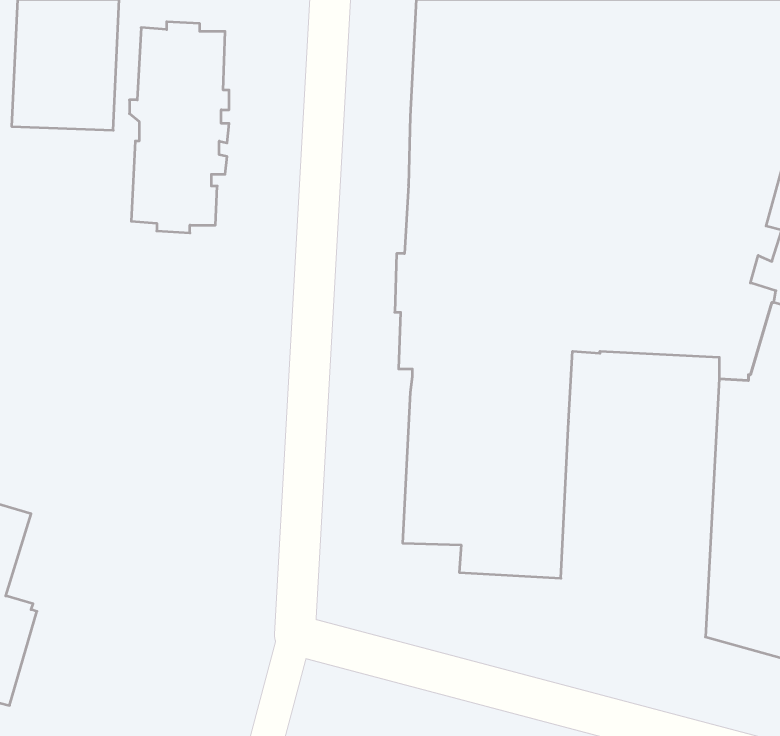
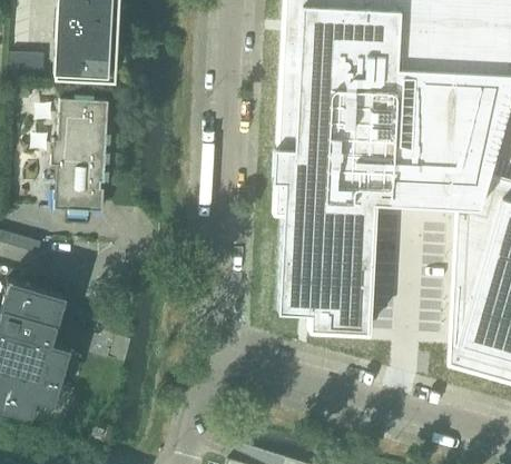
building: [129,22,229,233] -> [55,97,111,217]

